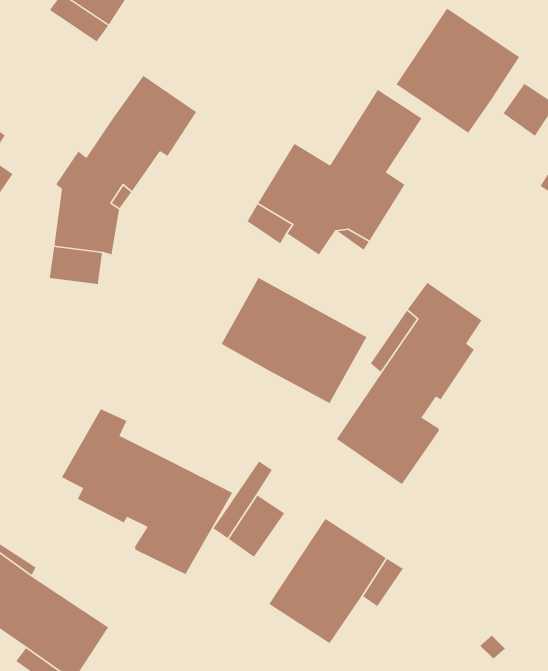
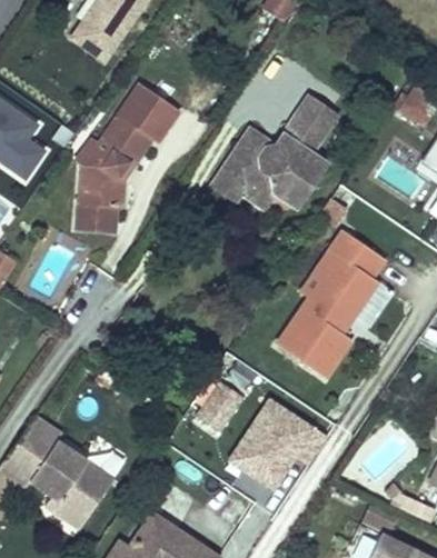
building: [396,7,520,134] -> none
building: [220,277,367,404] -> none
building: [61,408,233,575] -> none

